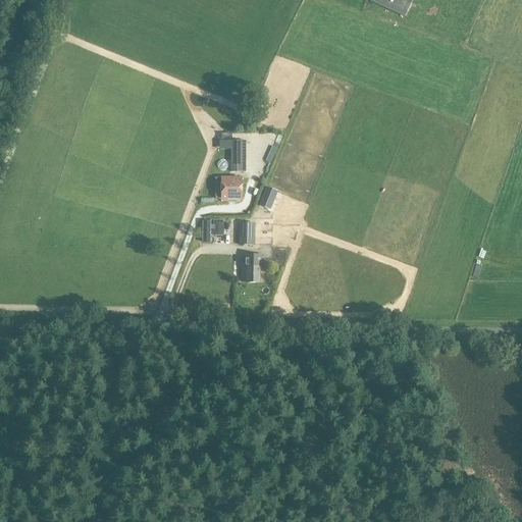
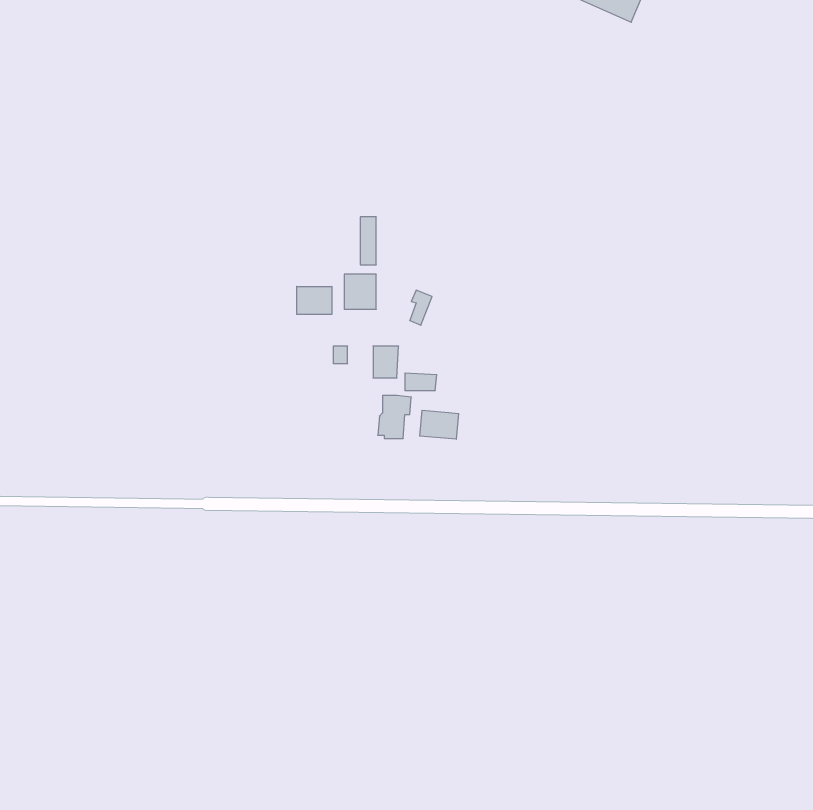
building: none -> [297,286,332,314]
building: none -> [420,410,459,439]

